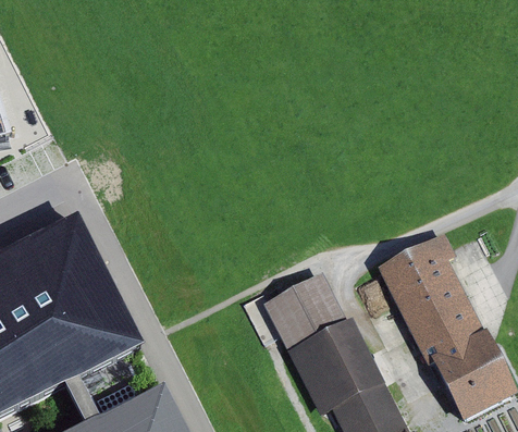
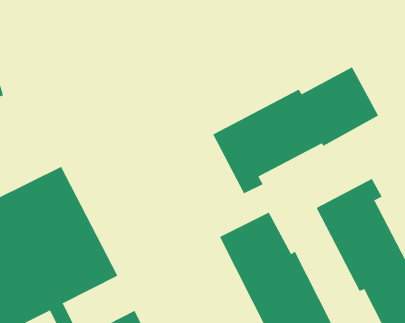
building: none -> [213,66,379,194]

